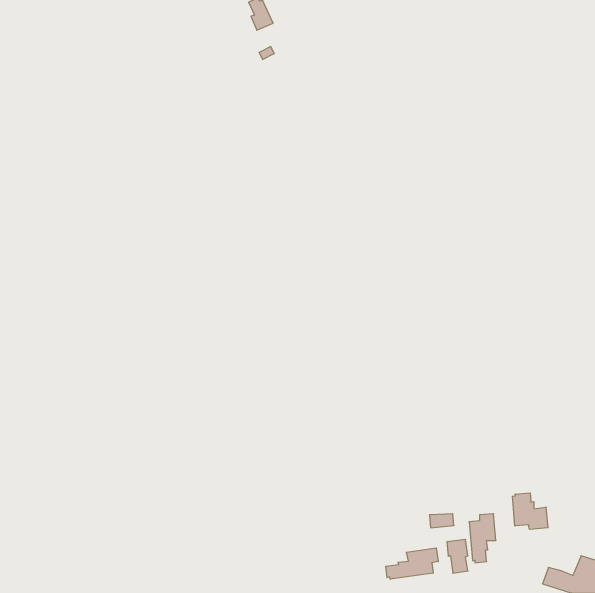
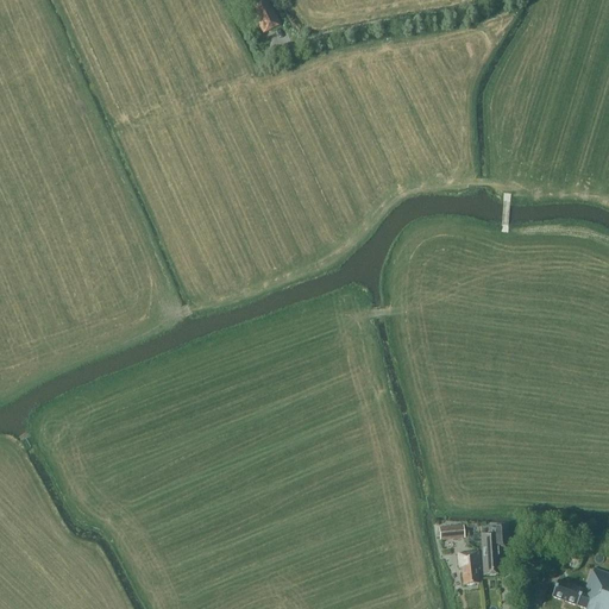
building: [512,493,548,529] -> none
building: [386,548,438,579] -> none

